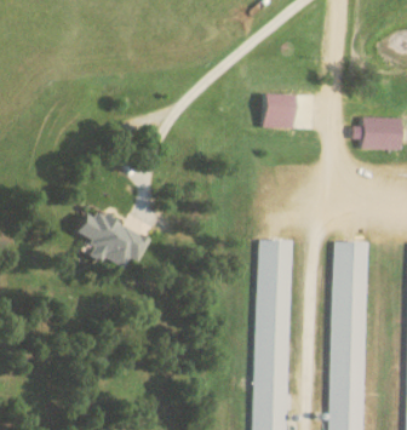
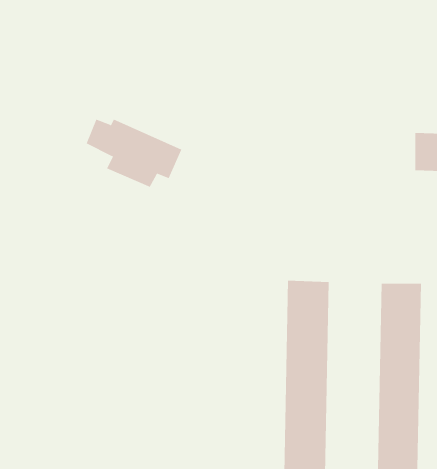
building: [258,92,292,126] -> none
building: [69,210,149,266] -> [86,119,182,187]

